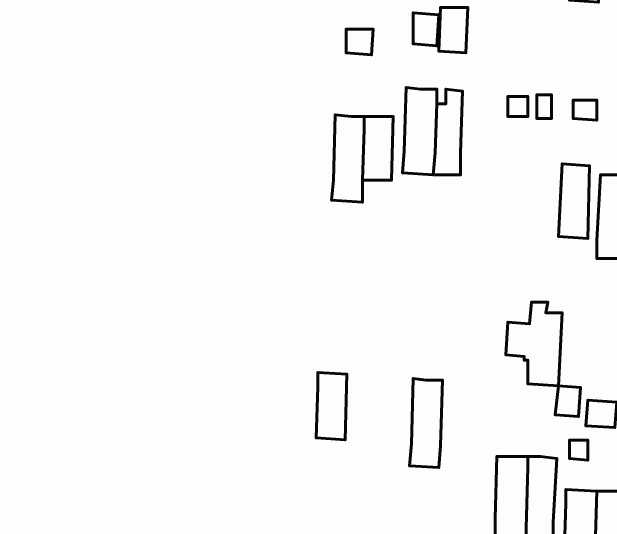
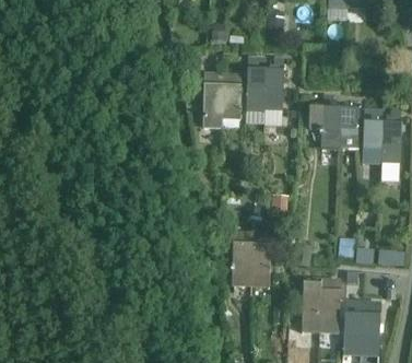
building: [506,302,562,386] -> [307,99,341,150]
building: [316,373,347,440] -> [233,234,251,274]

